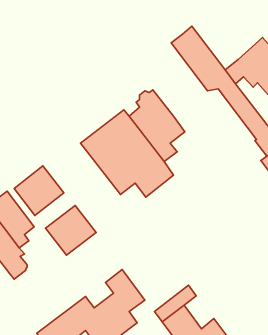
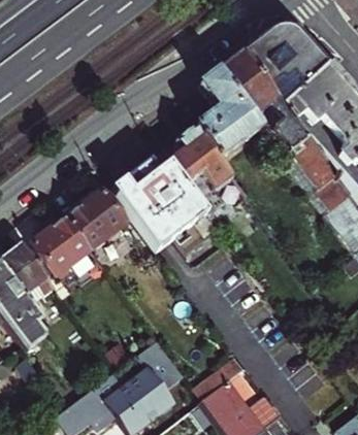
building: none -> [240,30,324,91]
building: none -> [194,71,259,158]
building: [46,205,96,255] -> [64,190,124,248]

